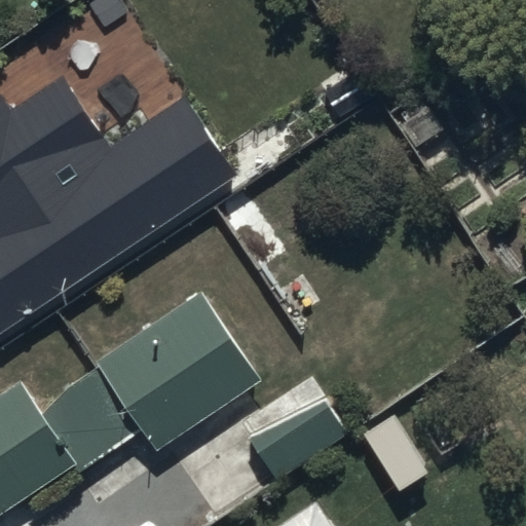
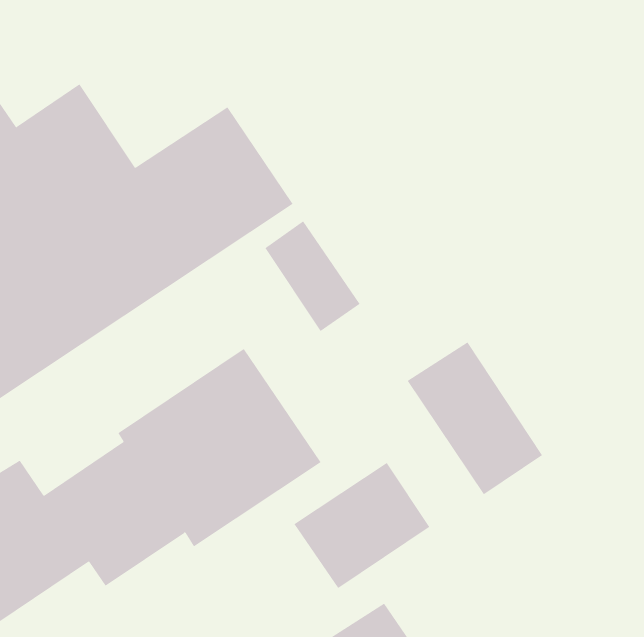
building: none -> [407,342,543,495]

